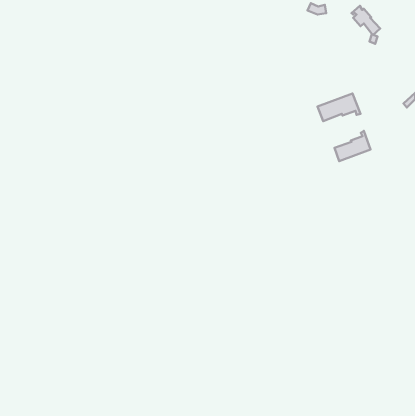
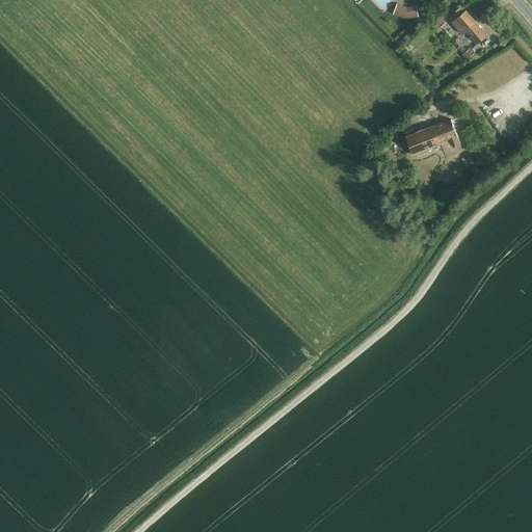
building: [334,131,370,161] -> none

